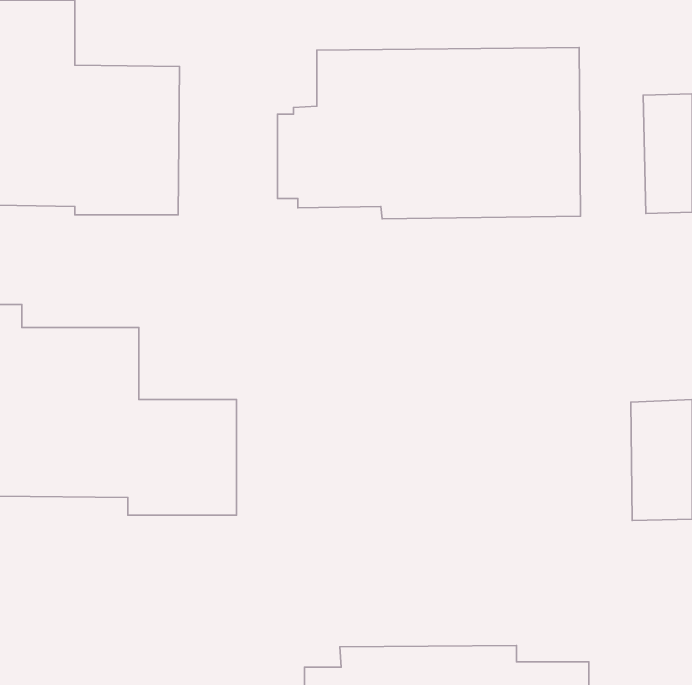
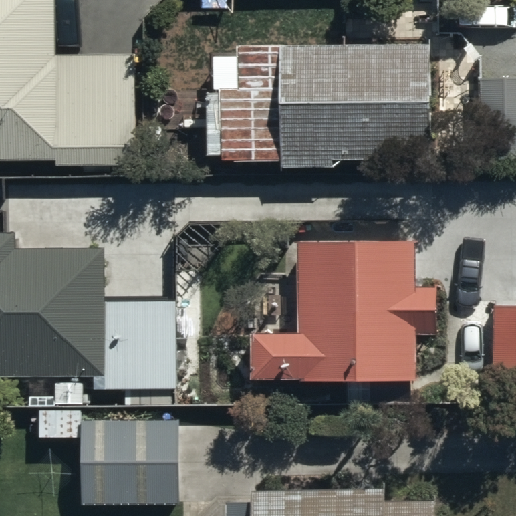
building: none -> [250,238,435,378]
building: none -> [37,410,180,506]

